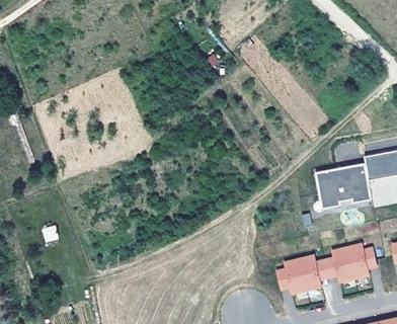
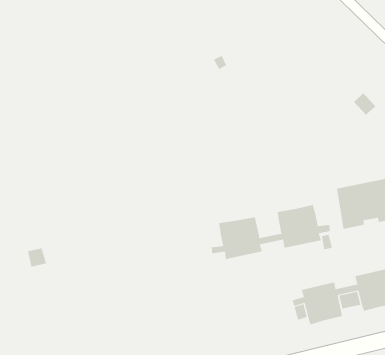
building: none -> [211,204,330,260]

